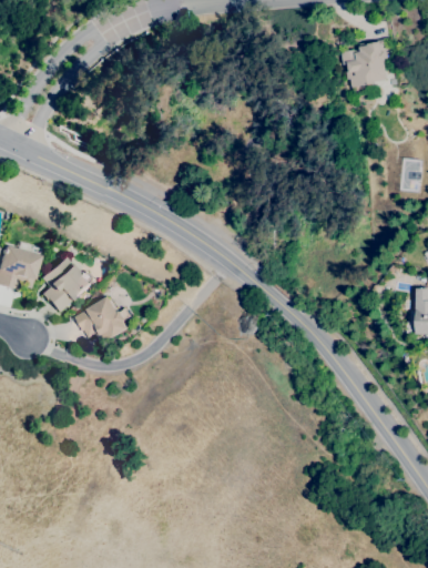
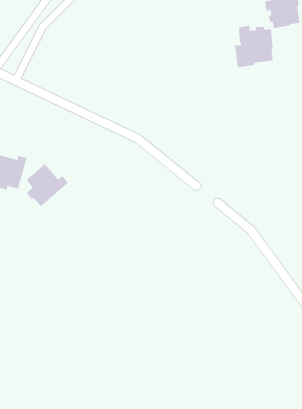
building: none -> [234,25,273,68]
building: [74,296,131,345] -> none

